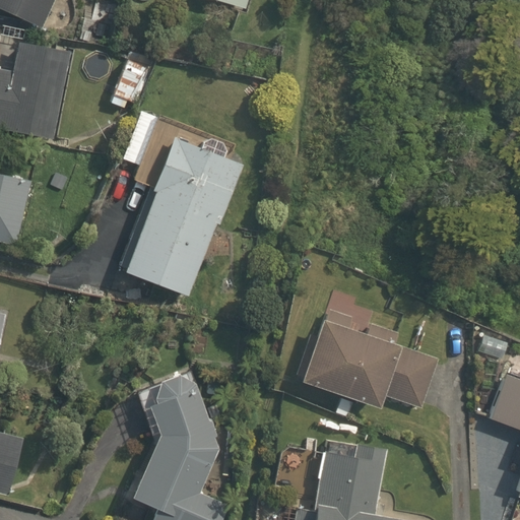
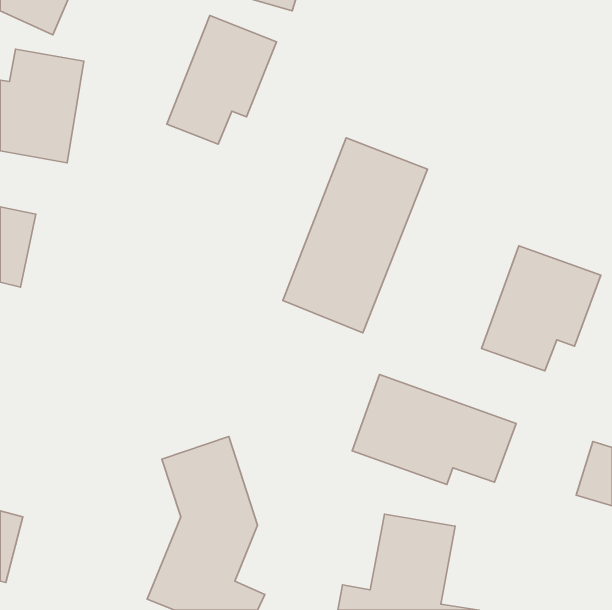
building: none -> [167,16,277,144]
building: [120,136,243,302] -> [283,138,428,333]
building: none -> [482,246,601,371]

